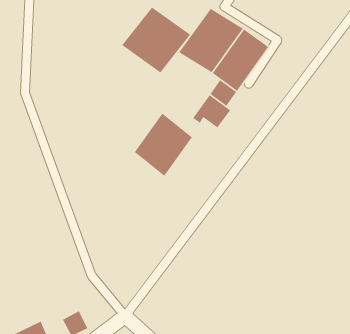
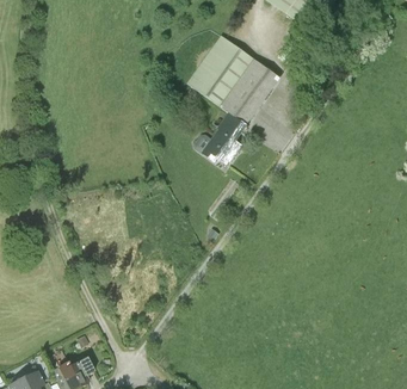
building: [121,6,191,74] -> none
building: [134,113,193,177] -> none

